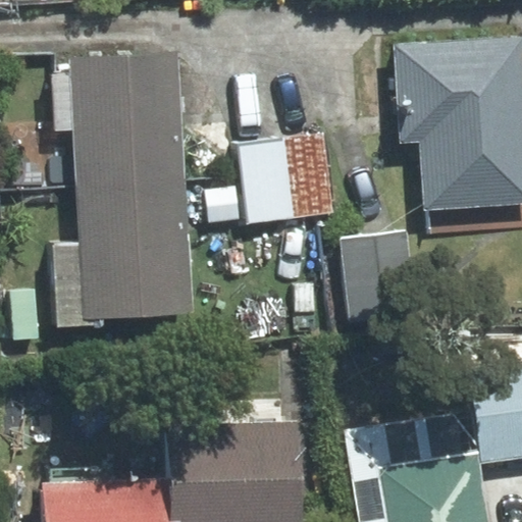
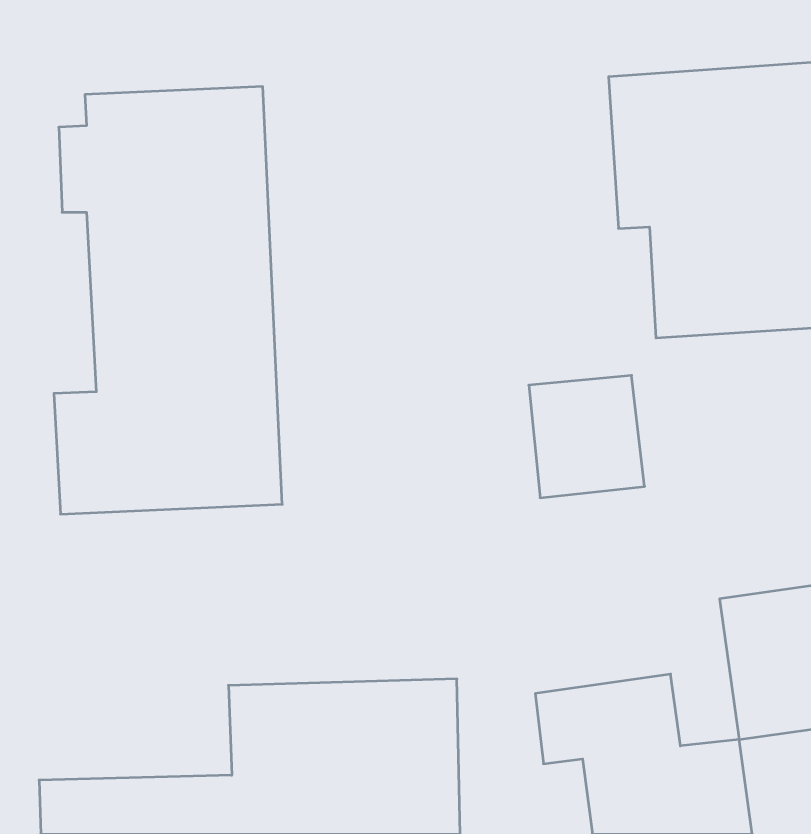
building: [211,137,334,223] -> none

